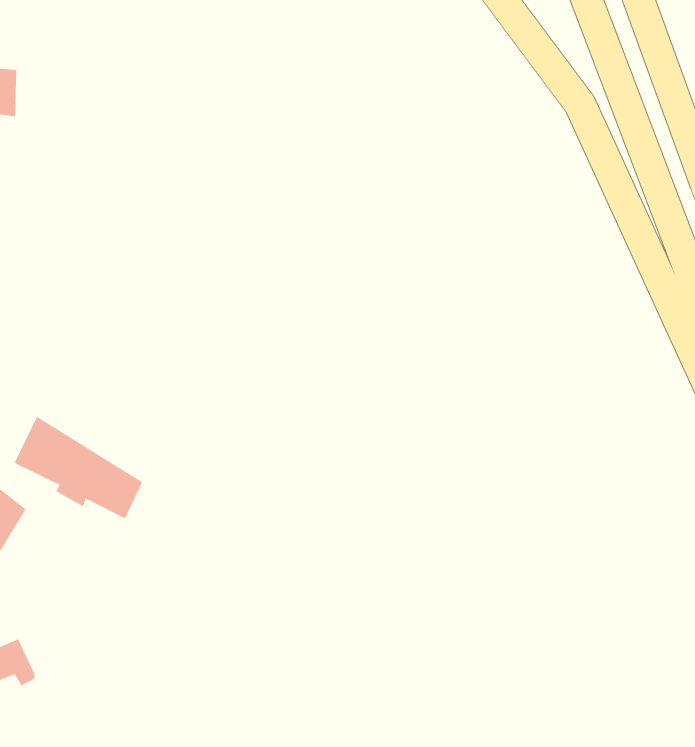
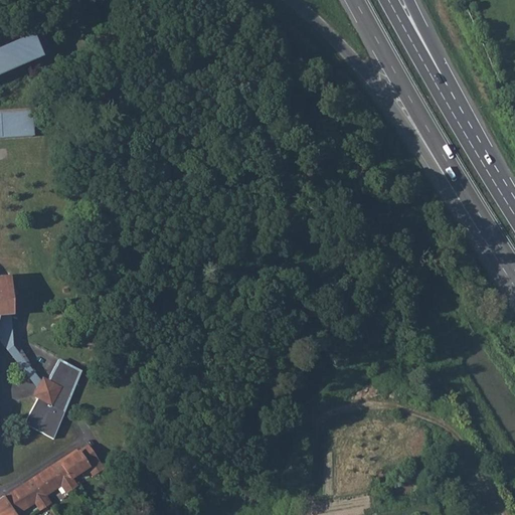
building: [14,416,143,519] -> none

